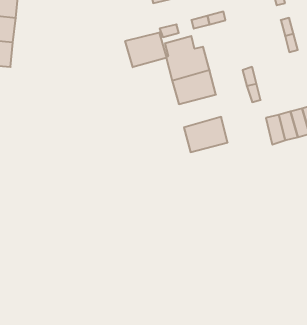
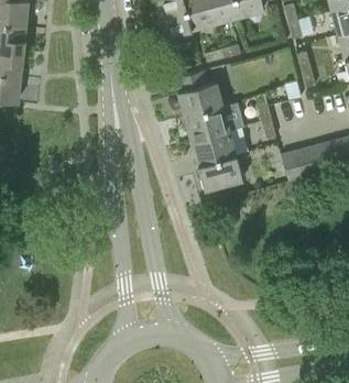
building: [125,32,166,67] -> none
building: none -> [192,131,237,165]

